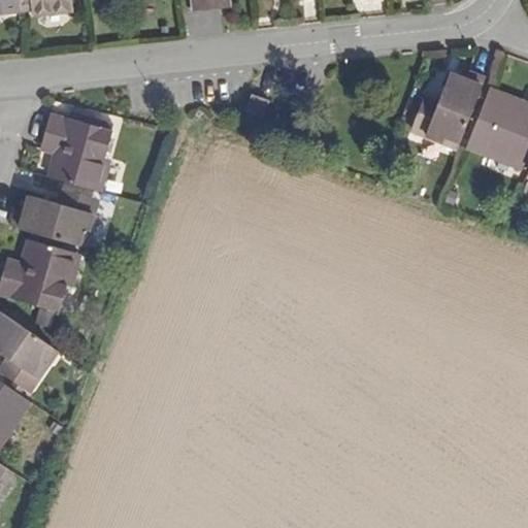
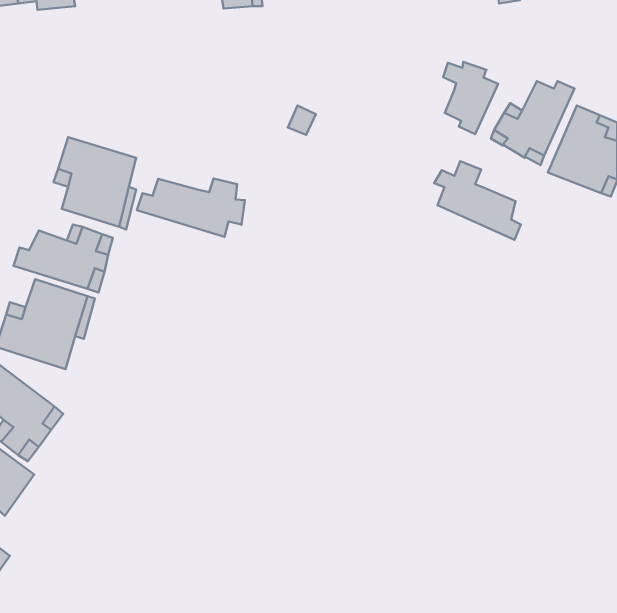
building: none -> [443,62,498,134]
building: none -> [434,161,521,240]
building: none -> [137,179,245,237]

